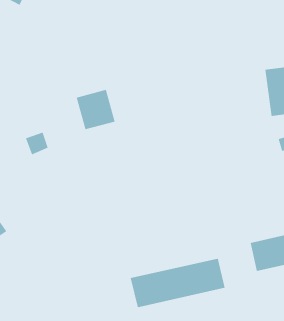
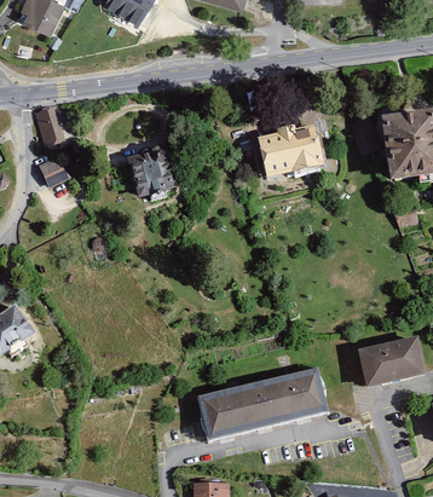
building: none -> [36,108,68,150]
building: none -> [256,126,323,179]
building: [25,132,48,155] -> [39,157,70,189]

